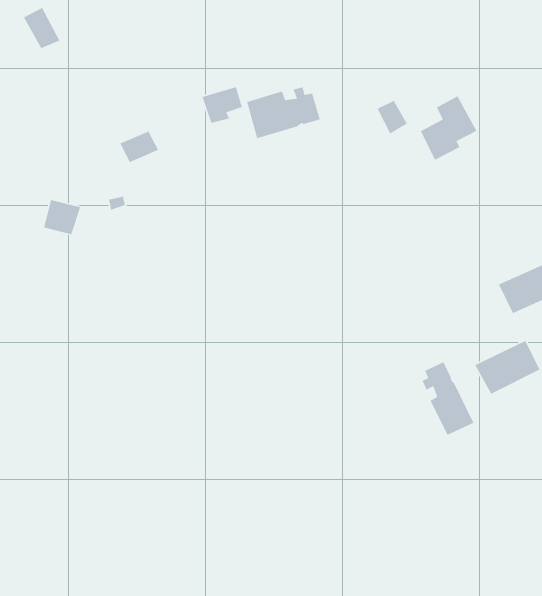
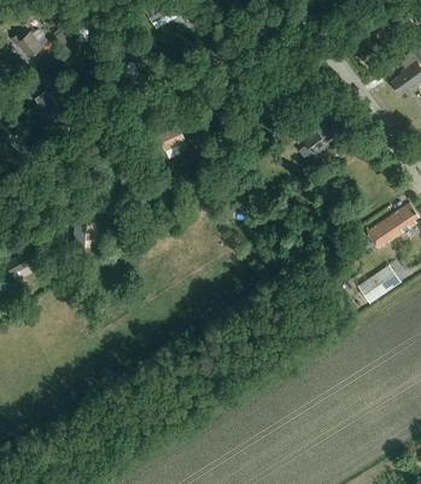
building: [246,87,321,139] -> none
building: [422,361,475,436] -> none

